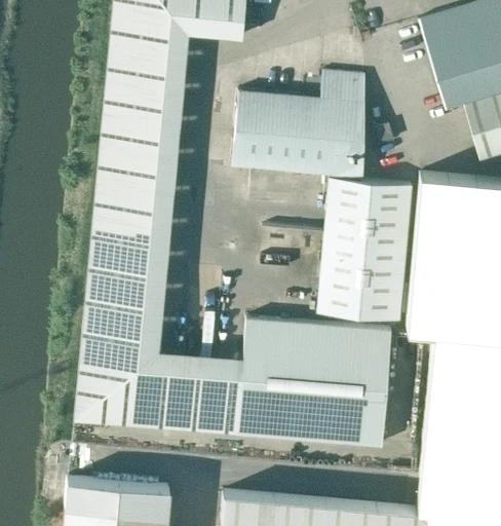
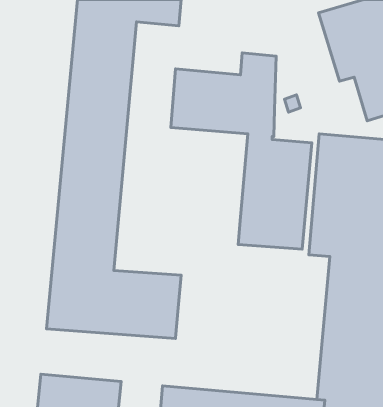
building: [237,317,389,444] -> none

